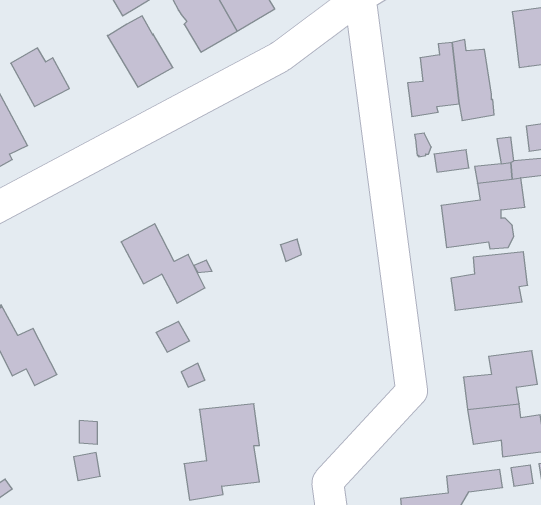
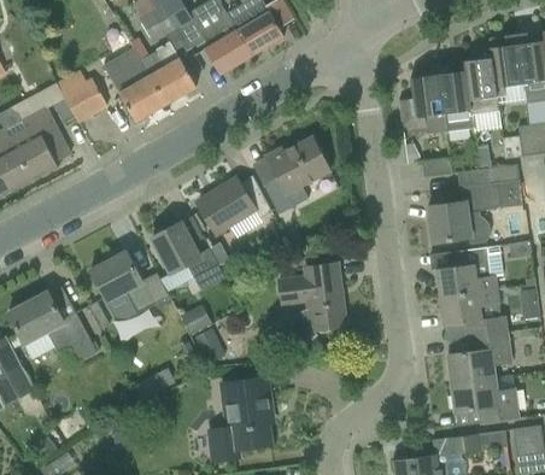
building: none -> [104,47,166,122]
building: none -> [463,48,498,115]
building: none -> [264,136,330,215]
building: none -> [198,175,271,234]
building: none -> [90,251,169,324]
building: none -> [279,263,346,351]
building: none -> [440,289,506,336]

